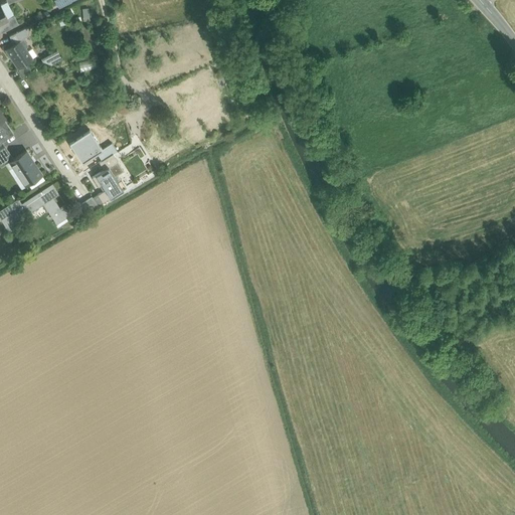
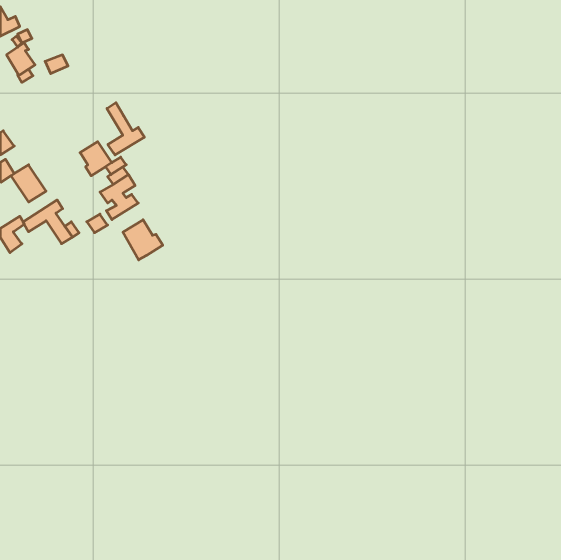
building: none -> [107,103,144,155]
building: none -> [123,220,163,260]

